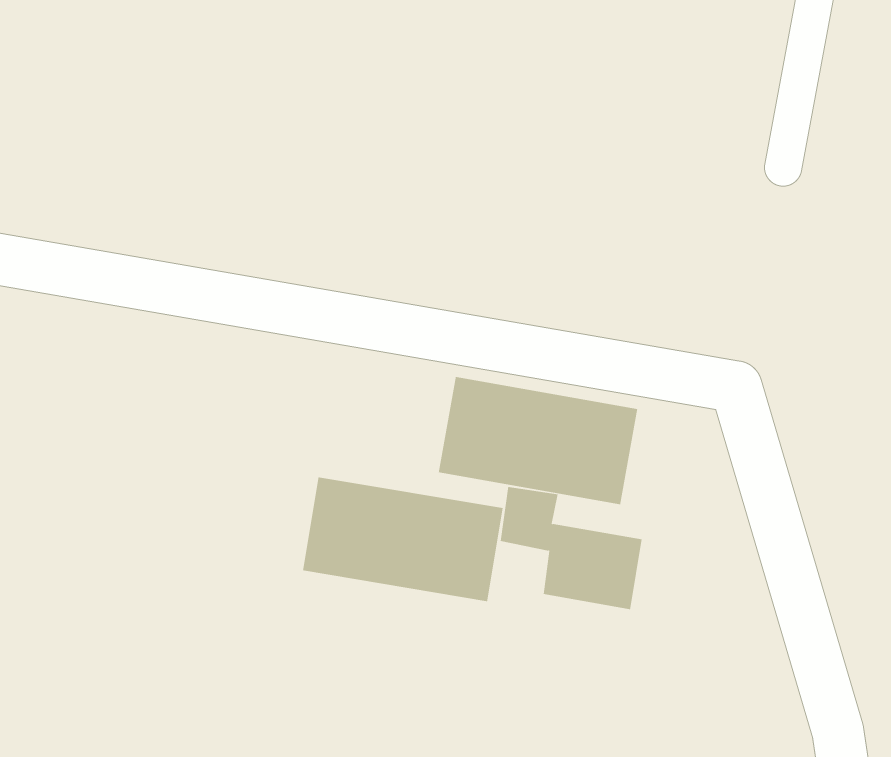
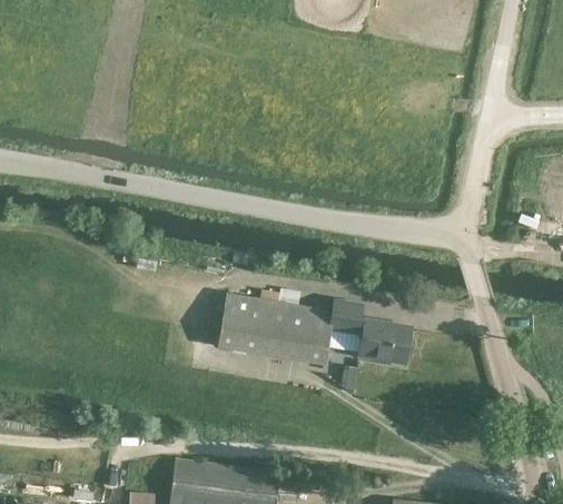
building: [438,376,638,505] -> none

